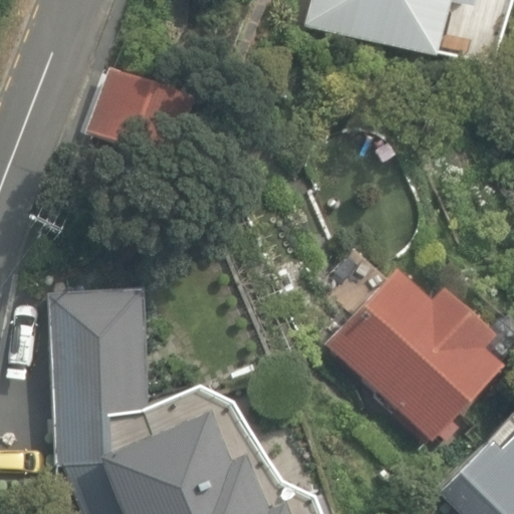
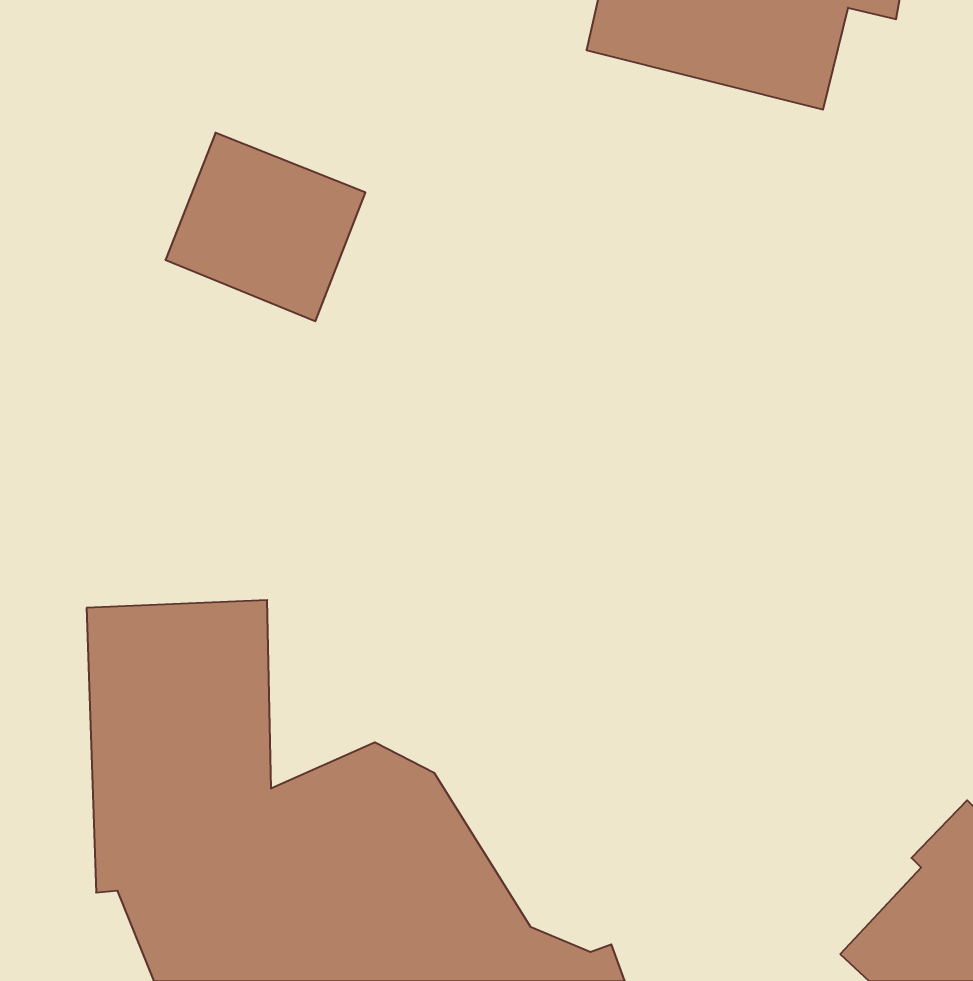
building: [326,271,500,442] -> none

